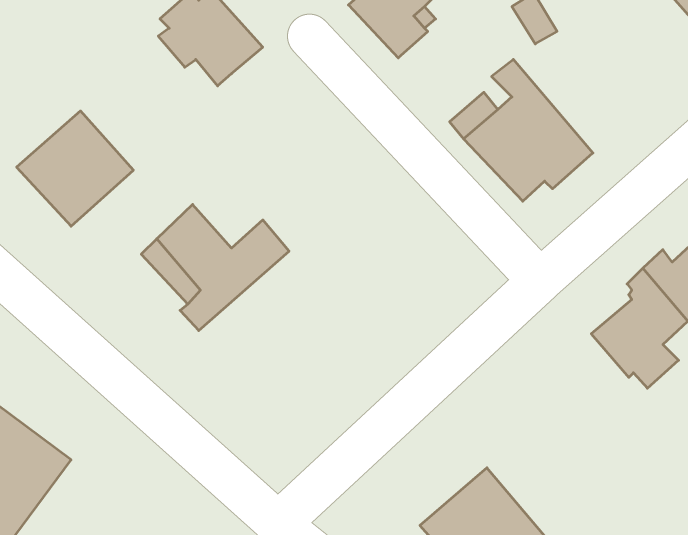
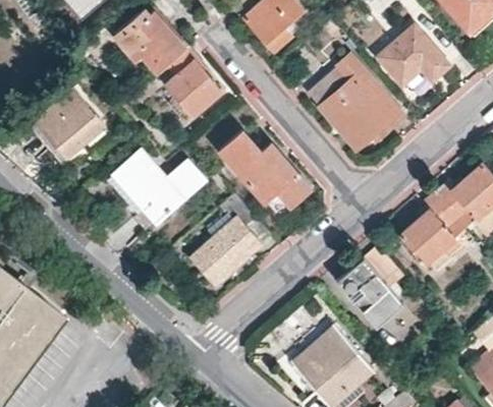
building: none -> [378,24,450,84]
building: none -> [167,48,222,114]
building: none -> [220,130,312,218]
building: none -> [190,194,271,285]
building: none -> [337,256,405,327]

